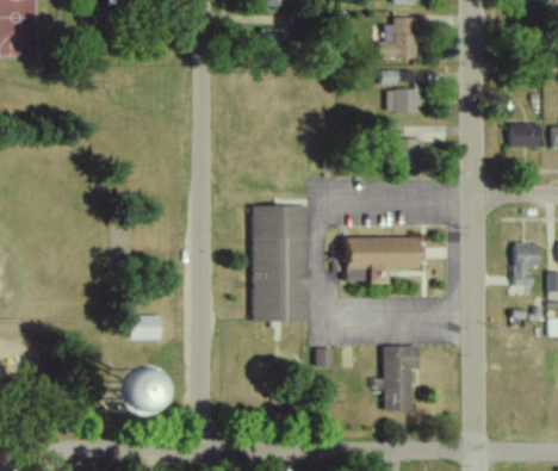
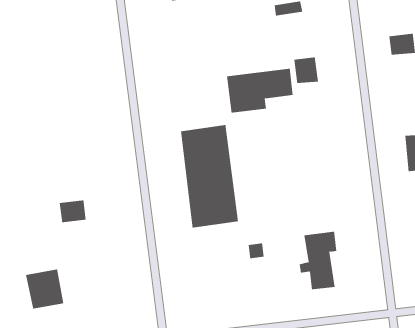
building: [386,89,417,113] -> none
building: [346,237,422,281] -> [226,68,294,113]
building: [132,316,162,340] -> [59,200,86,223]
building: [119,365,161,409] -> [25,269,64,309]

